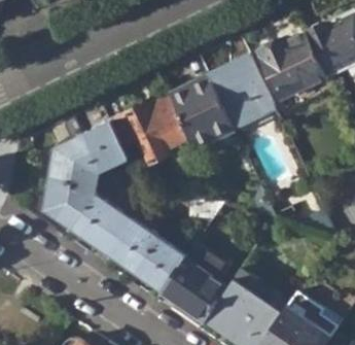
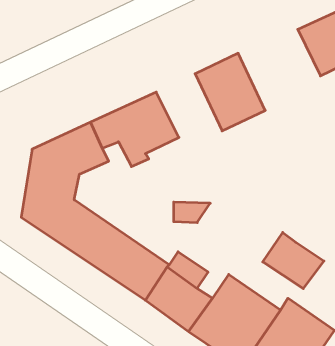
building: [263,33,328,98] -> none
building: [172,75,236,148] -> none
building: none -> [263,232,324,289]

